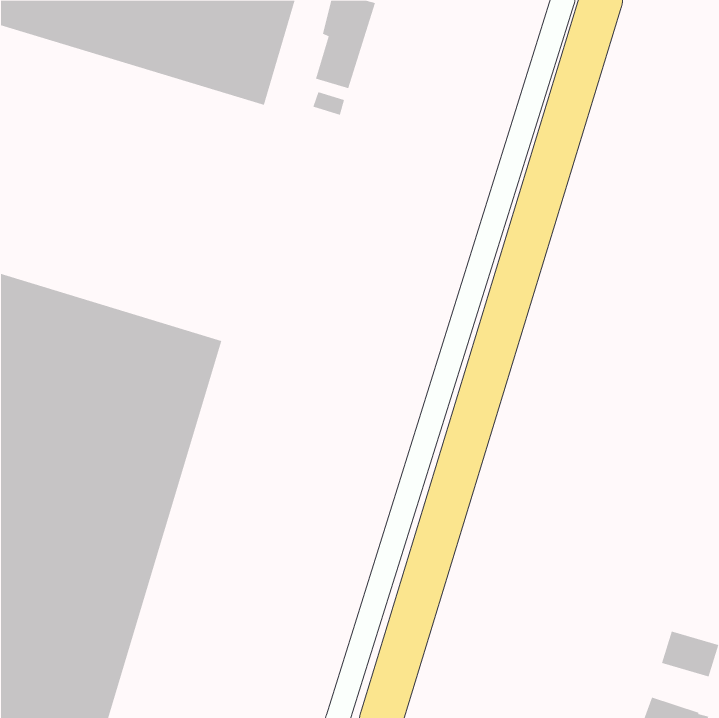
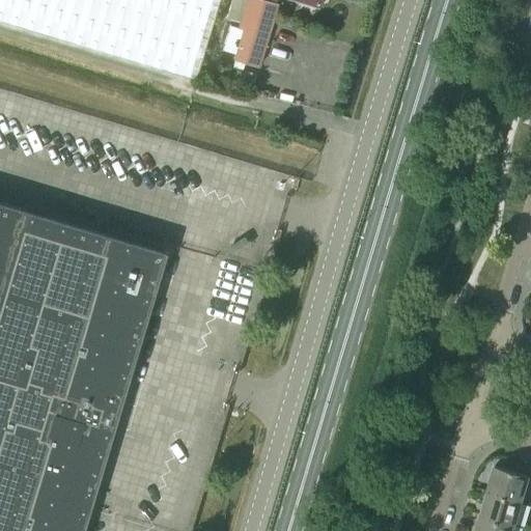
building: none -> [480,490,523,526]

